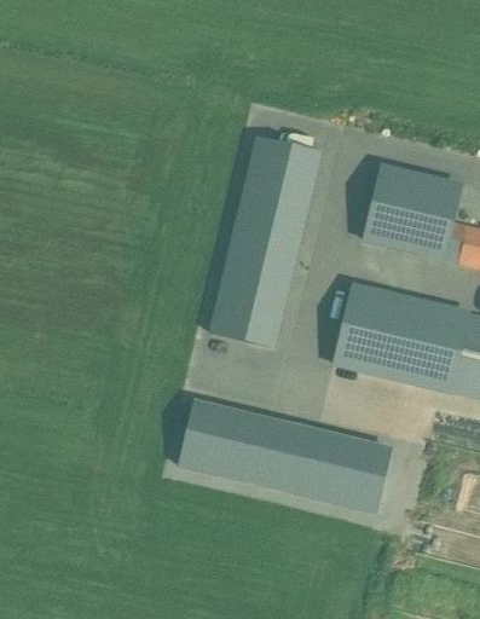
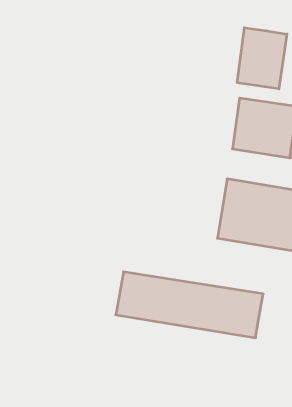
building: none -> [237,28,287,89]
building: [212,138,320,347] -> none

